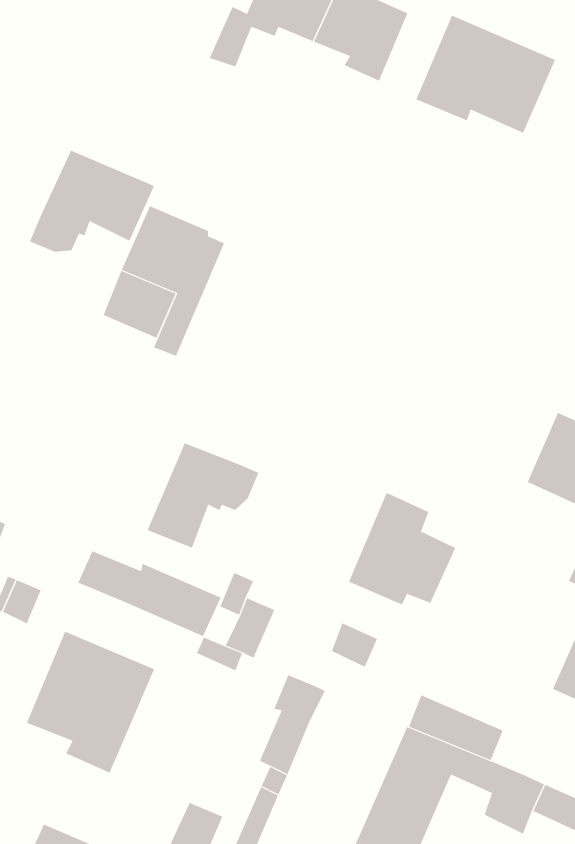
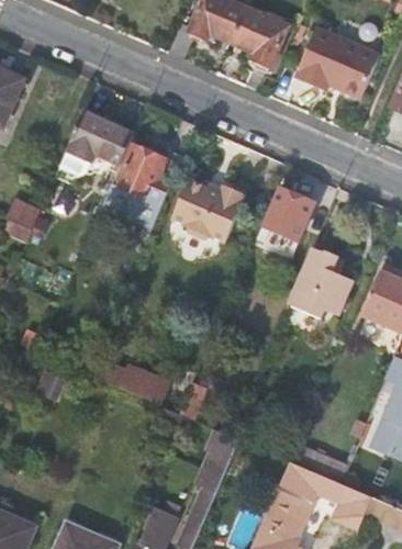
building: none -> [171,177,244,240]
building: none -> [259,187,315,255]
building: [147,443,259,548] -> none
building: [348,492,456,605] -> [288,245,354,314]
building: [26,631,155,774] -> none

